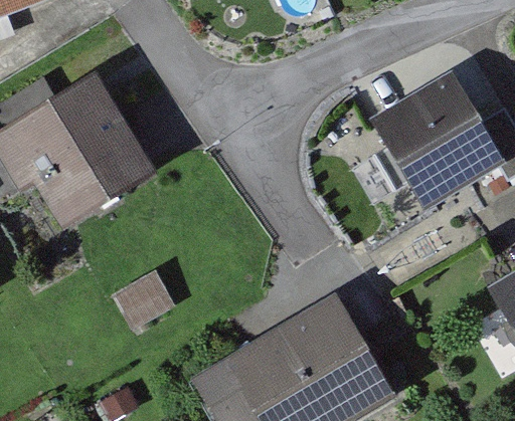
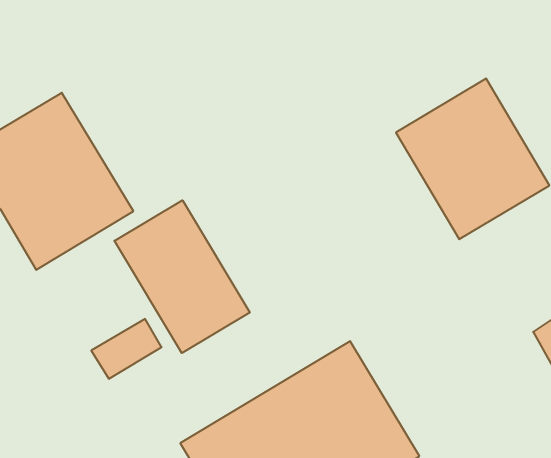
building: none -> [114,200,250,353]

